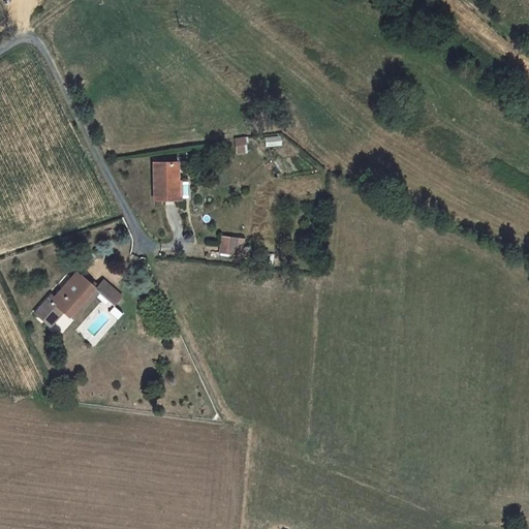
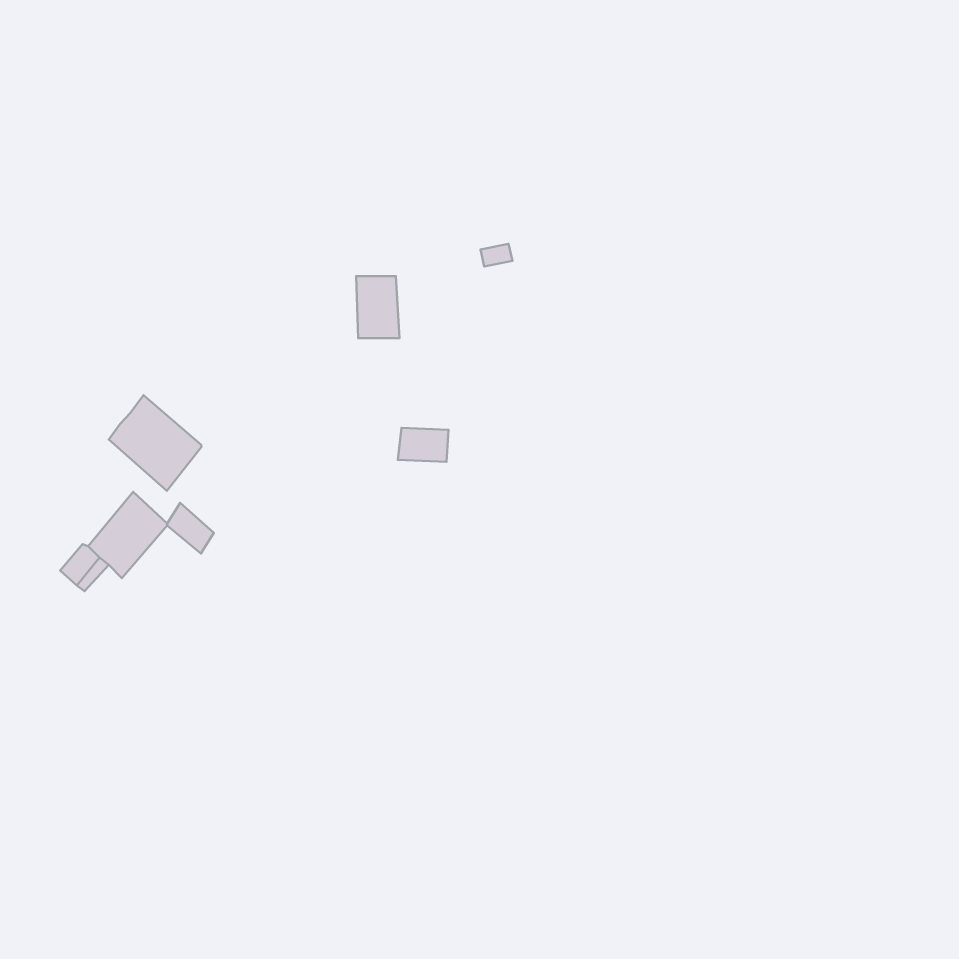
building: [157,165,181,199] -> [356,276,399,338]
building: none -> [109,395,201,491]

